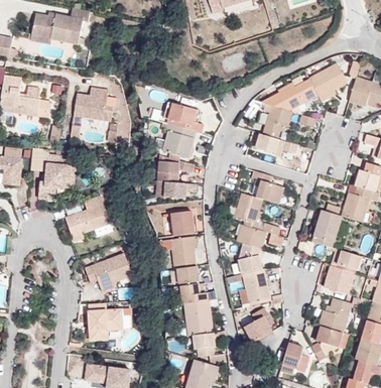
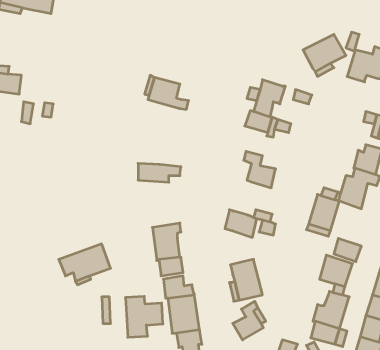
building: [262,80,318,111] -> none
building: [74,88,113,122] -> none
building: [160,122,196,158] -> none
building: [38,154,76,200] -> none
building: [157,160,195,182] -> none
building: [235,192,262,229] -> none
building: [66,197,111,243] -> none
building: [170,211,195,237] -> none
building: [238,243,264,274] -> none
building: [88,304,122,342] -> [125,296,163,337]

